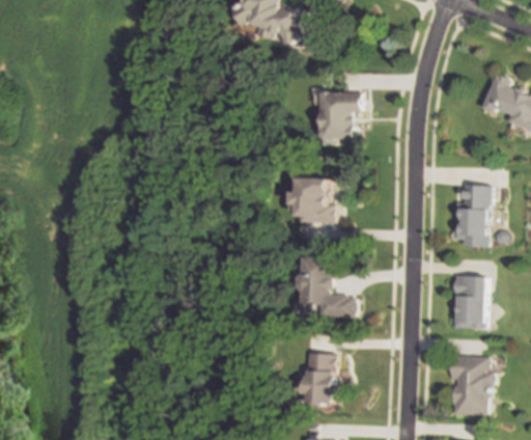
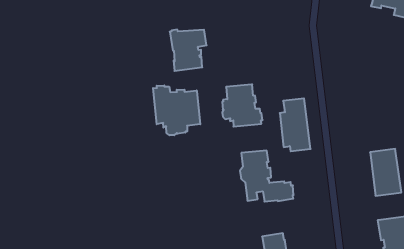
building: [318,85,361,134] -> [170,30,207,71]
building: none -> [153,85,200,135]
building: [453,186,486,247] -> [280,98,311,151]

